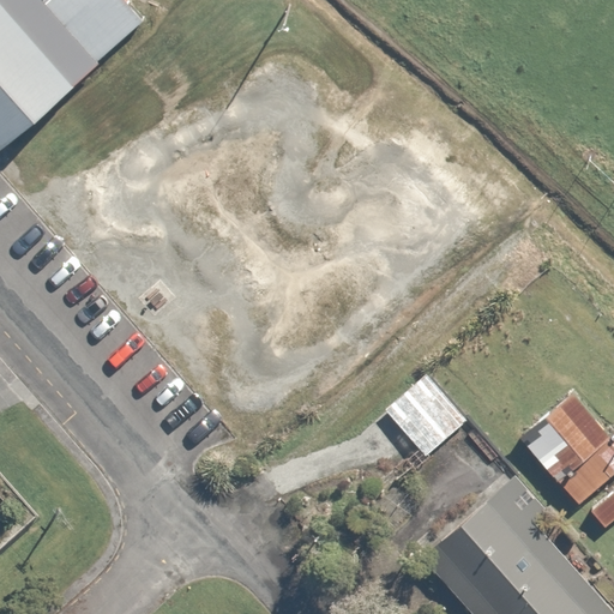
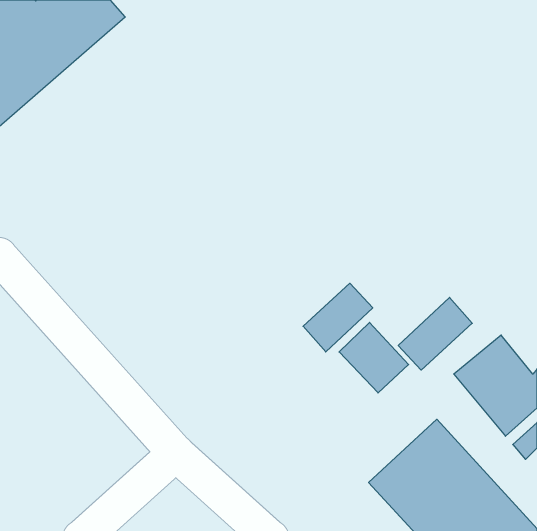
building: none -> [303,283,373,352]
building: none -> [398,297,472,370]

